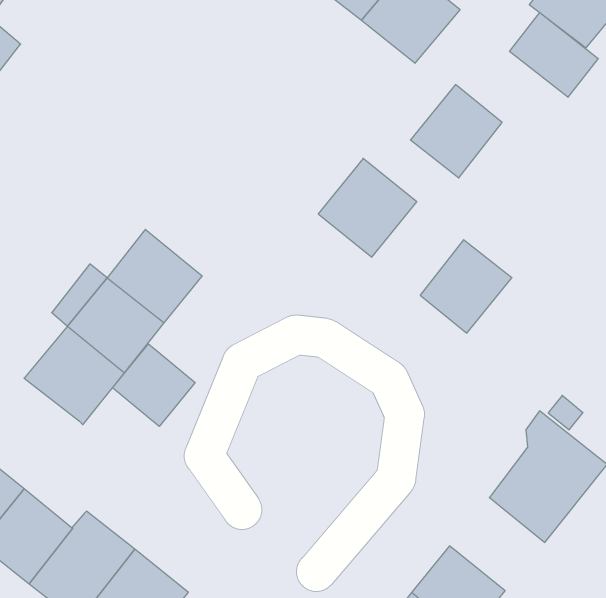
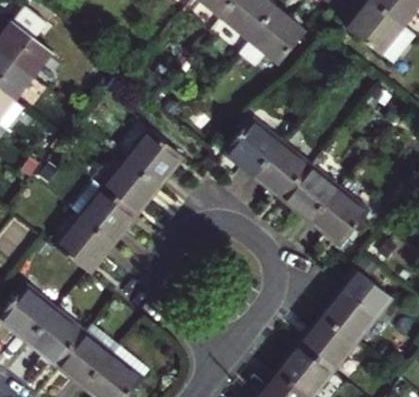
building: [510,13,598,97] -> none
building: [410,85,502,178] -> [256,144,309,198]
building: none -> [125,130,183,187]
building: none -> [311,188,368,246]
building: [112,344,195,426] -> none
building: none -> [301,315,356,369]

